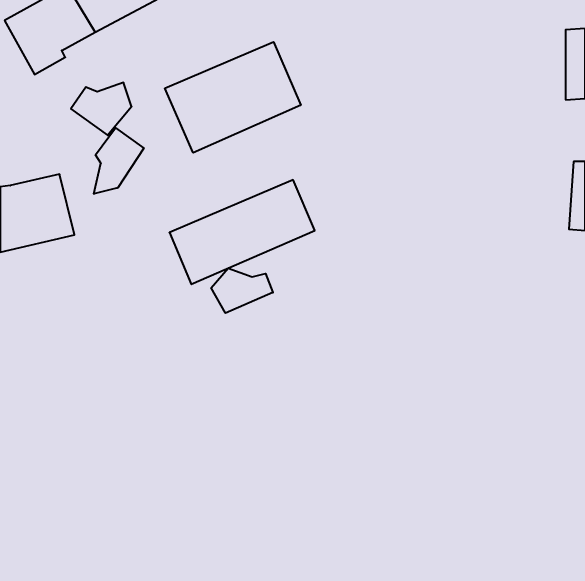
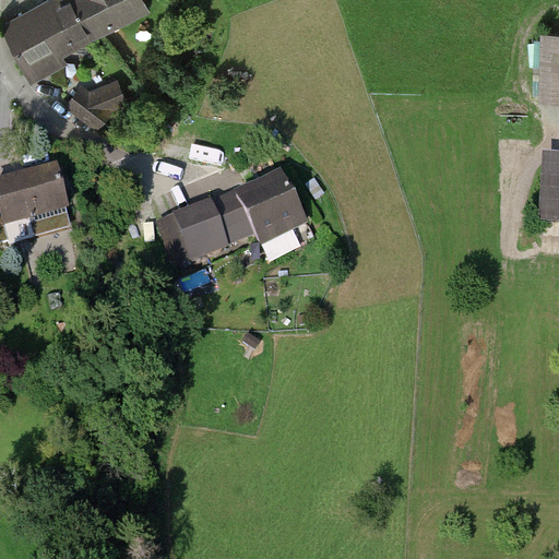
building: [165,42,301,153] -> none
building: [94,128,144,194] -> none
building: [211,268,273,313] -> none

